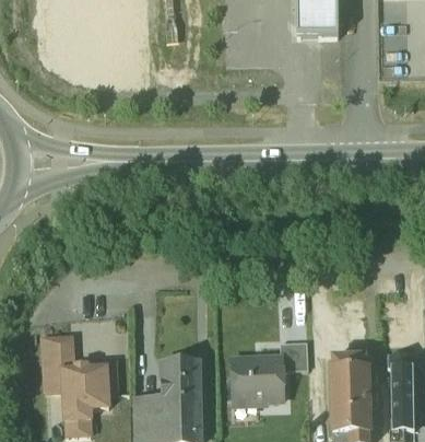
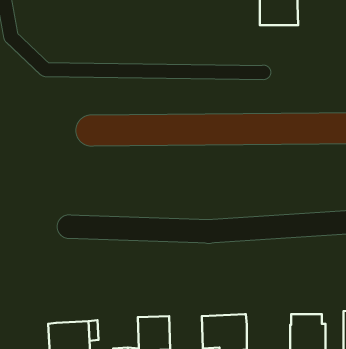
building: [43,335,70,389] -> none
building: [280,340,308,370] -> none

